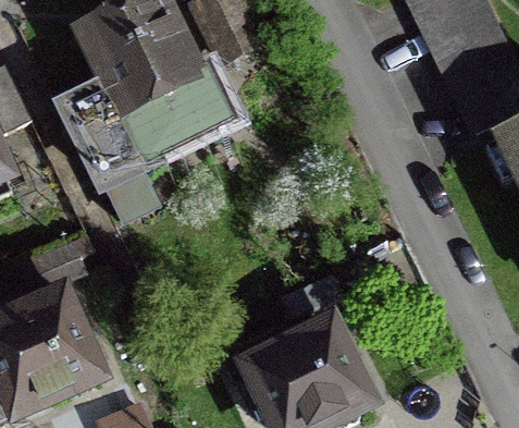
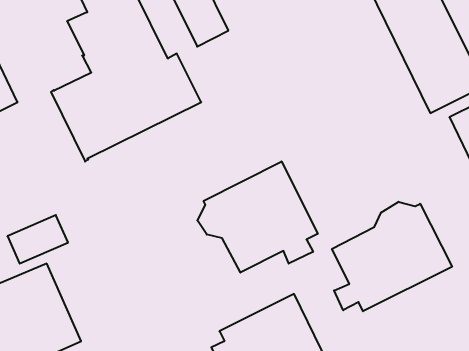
building: none -> [197,161,318,273]
building: none -> [332,202,452,311]

